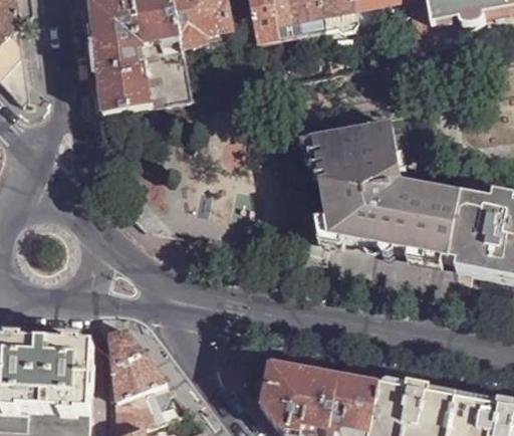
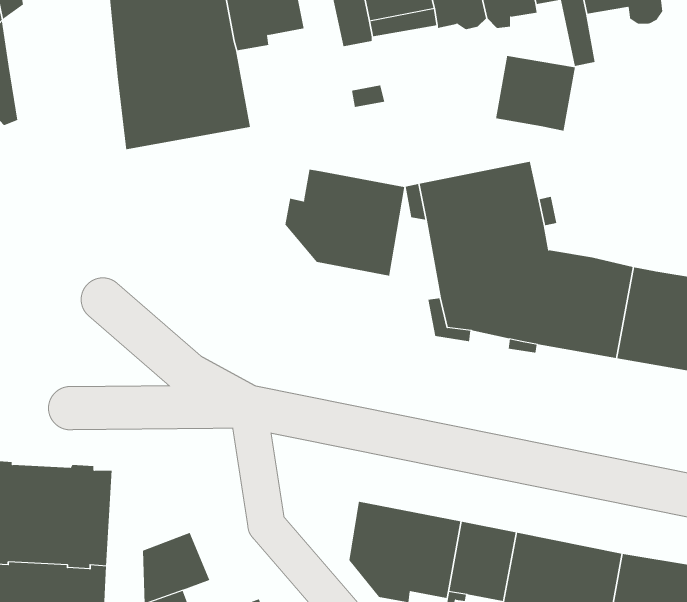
building: none -> [495,55,576,131]
building: none -> [285,169,405,277]
building: [108,324,165,396] -> none

